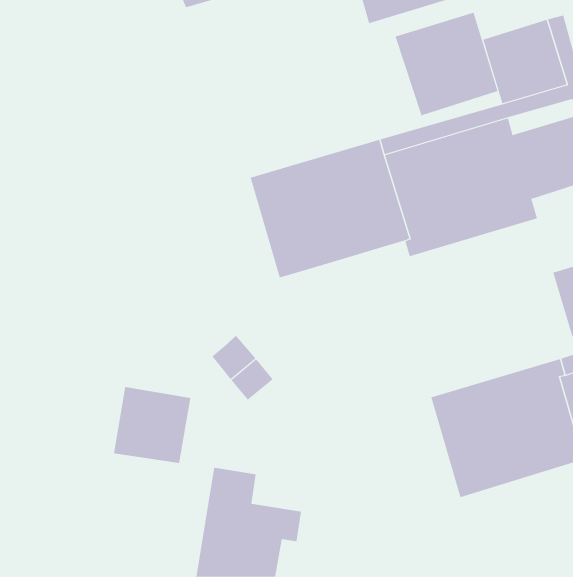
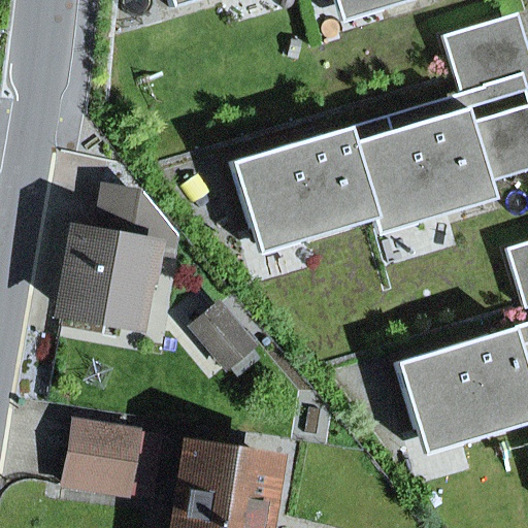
building: [395,12,498,116] -> none
building: none -> [67,190,174,319]
building: [113,387,191,464] -> [67,422,138,492]

